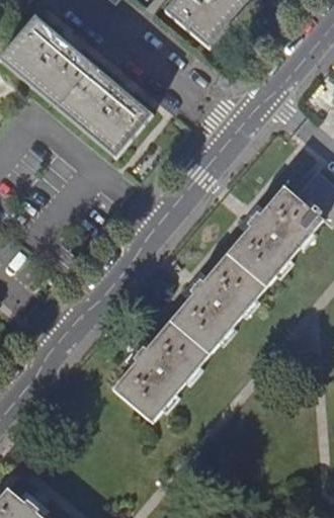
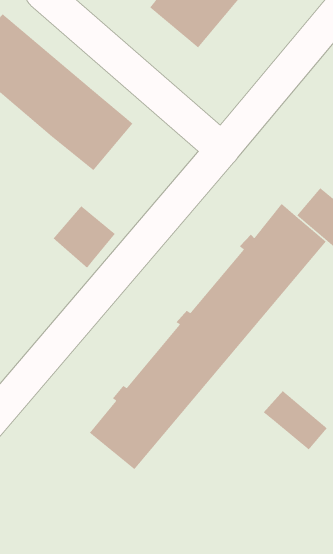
building: none -> [52,205,116,269]
building: none -> [263,390,328,451]

